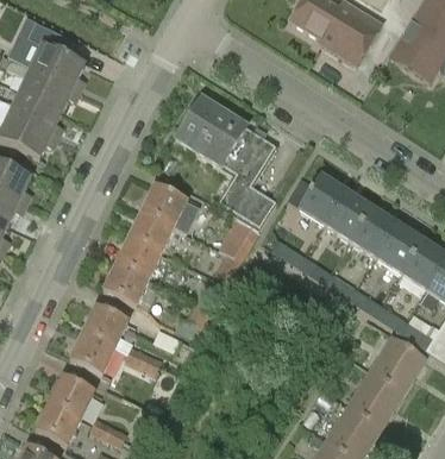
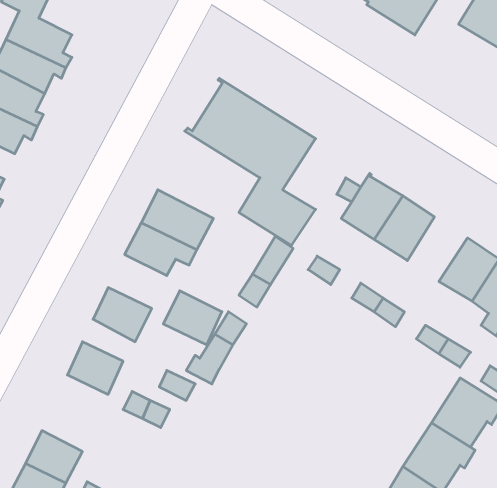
building: [350,207,397,258] -> none
building: [113,237,159,279] -> [163,291,222,345]
building: [69,332,113,373] -> none

